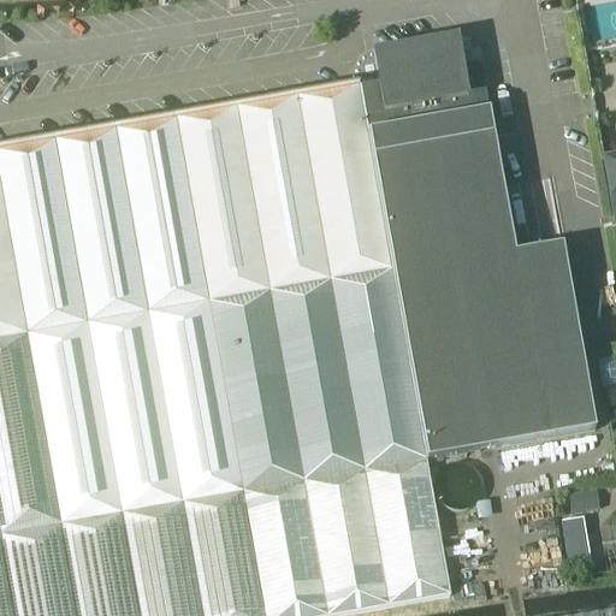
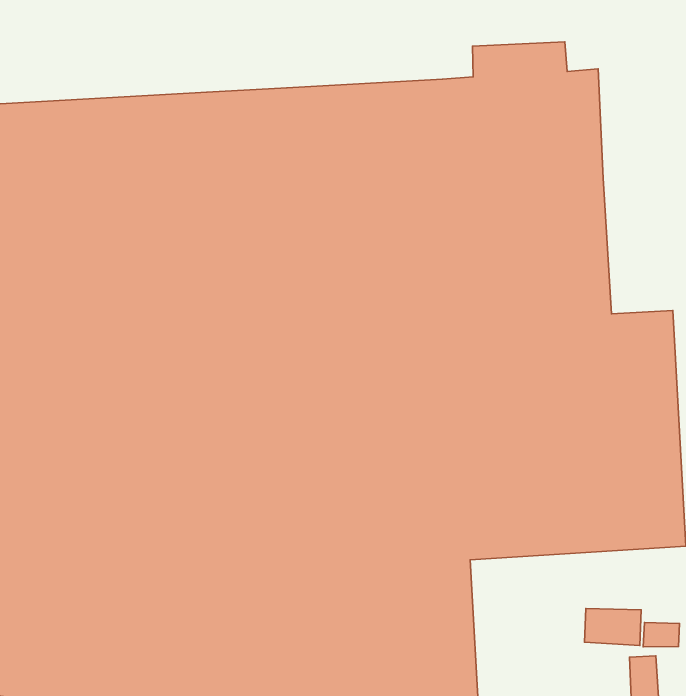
building: none -> [585,608,641,646]

